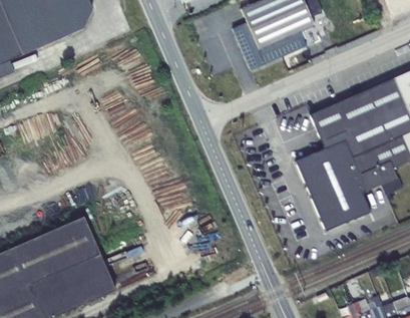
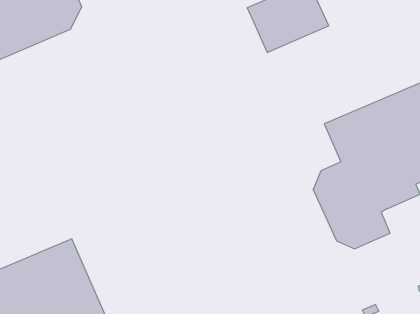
building: [233,22,306,69] -> none

